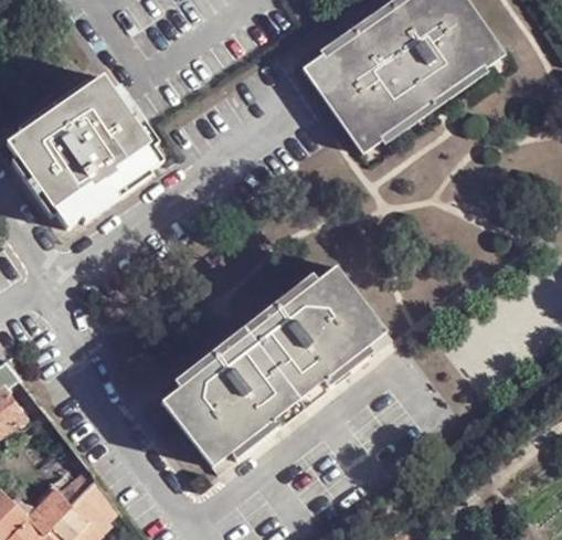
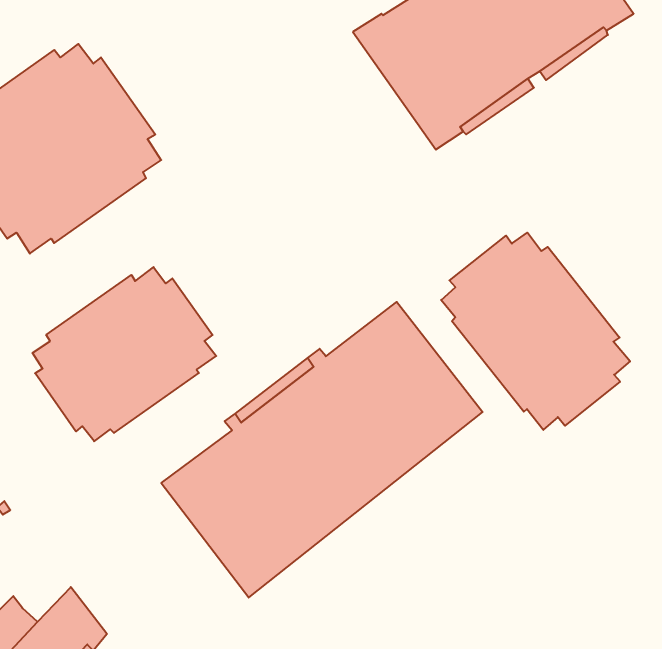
building: none -> [441,233,630,430]
building: none -> [33,267,216,441]

